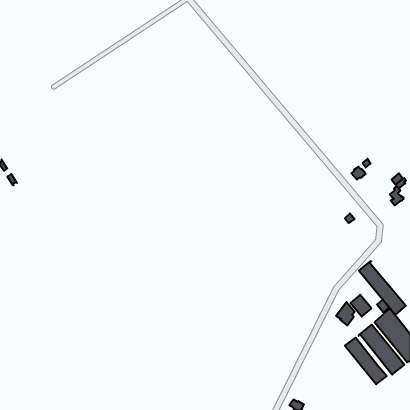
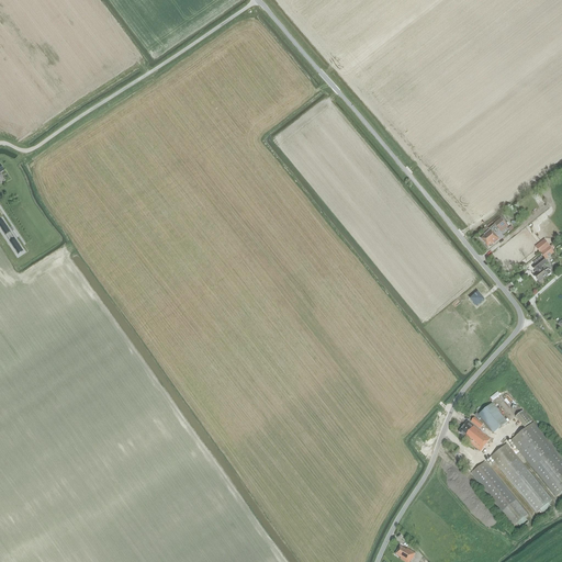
building: [359,261,406,315] -> none

